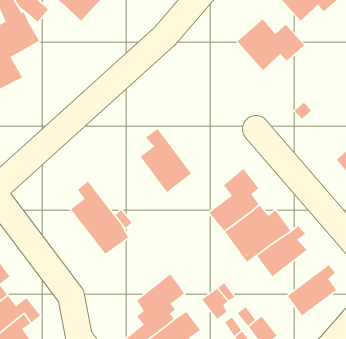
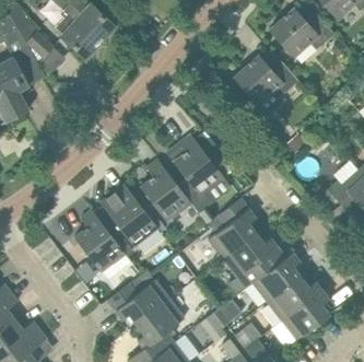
building: none -> [167,133,228,212]
building: none -> [107,184,158,246]
building: none -> [268,276,322,319]
building: none -> [107,279,171,324]

